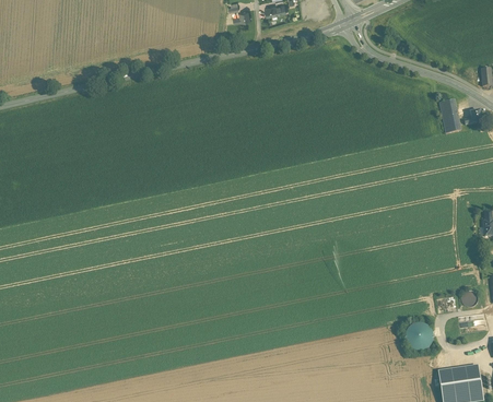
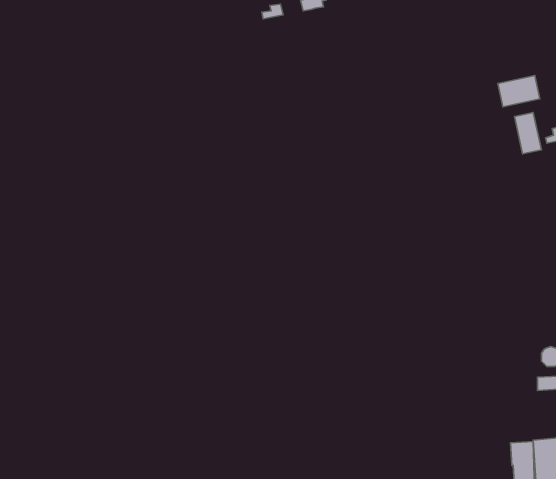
building: none -> [498,75,540,107]
building: [406,322,434,351] -> none

